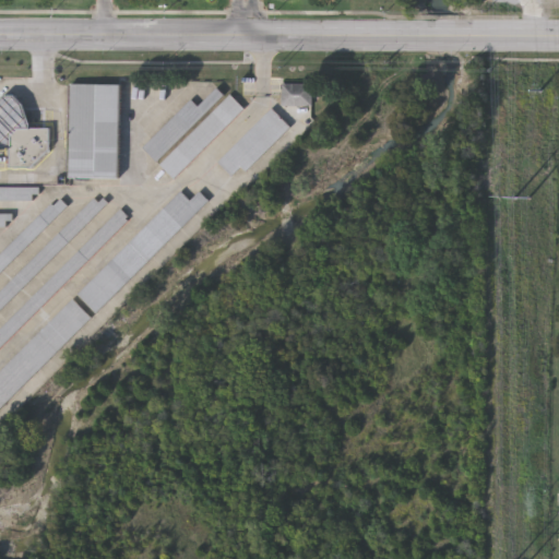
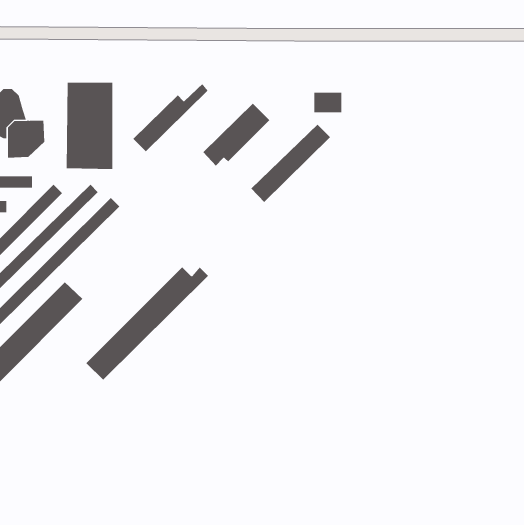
building: [283,87,313,109] -> [313,92,342,113]
building: [156,95,241,179] -> [251,124,331,203]
building: [75,191,206,312] -> [86,266,209,381]

